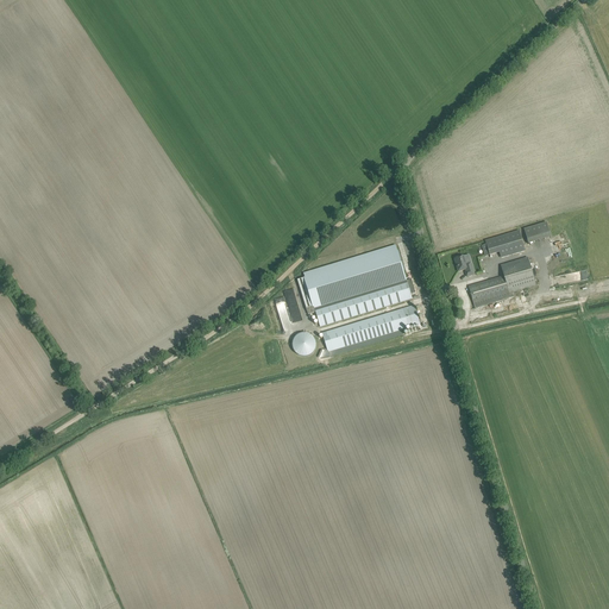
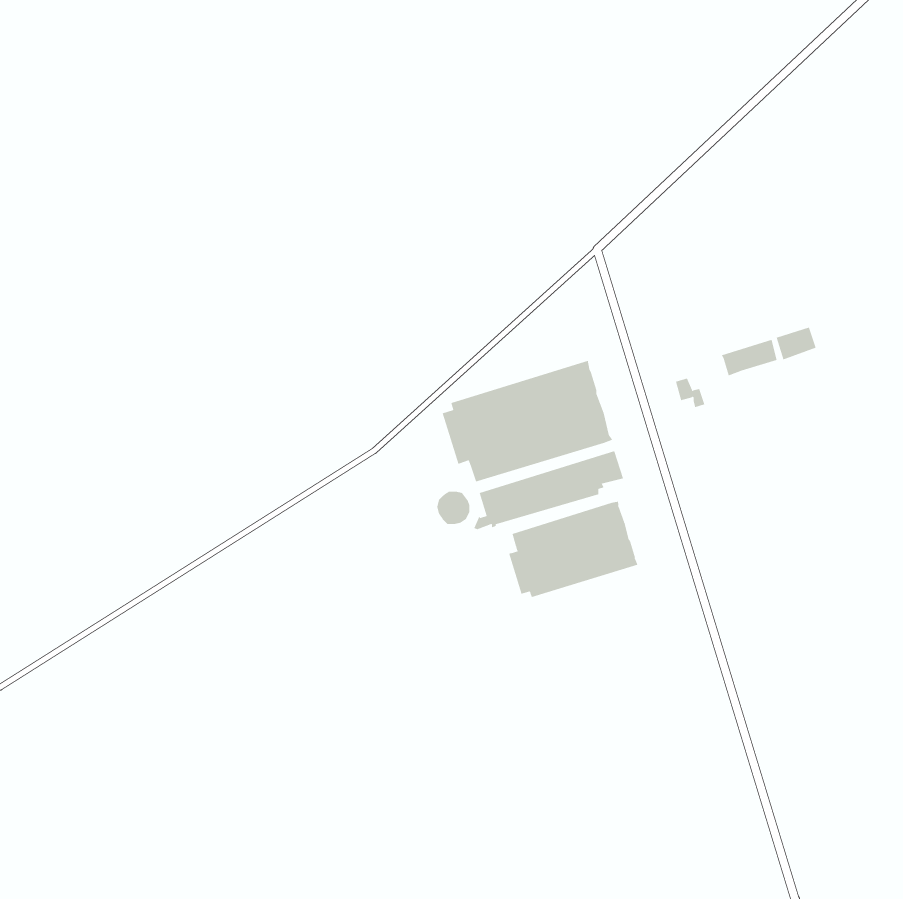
building: [469,256,536,307] -> none
building: none -> [509,501,638,598]

